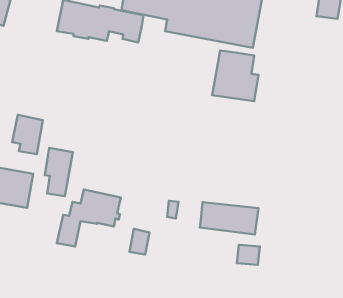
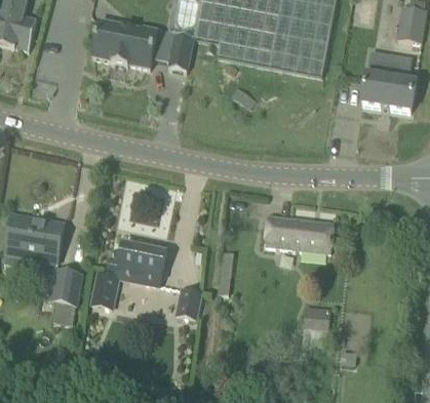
building: [212,50,259,101] -> [361,50,416,110]
building: [12,115,43,154] -> none
building: [45,148,73,196] -> [49,268,82,324]
building: [200,202,258,235] -> [265,214,334,252]

